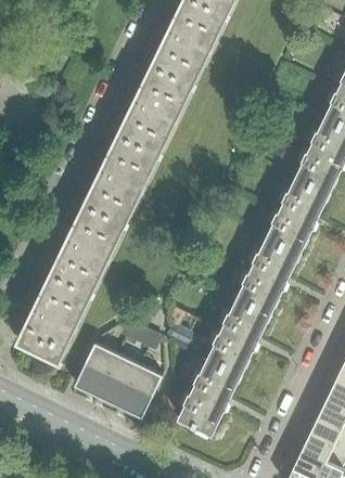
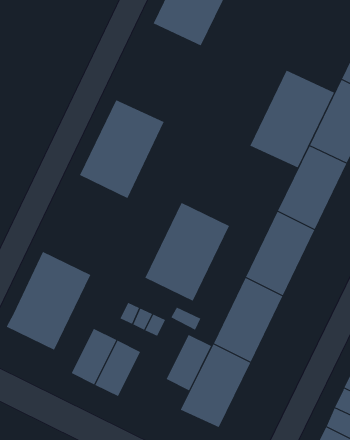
building: [117,64,195,154] -> [249,70,335,168]
building: [50,203,128,294] -> [144,202,230,302]
building: [119,364,162,416] -> [166,334,212,391]

